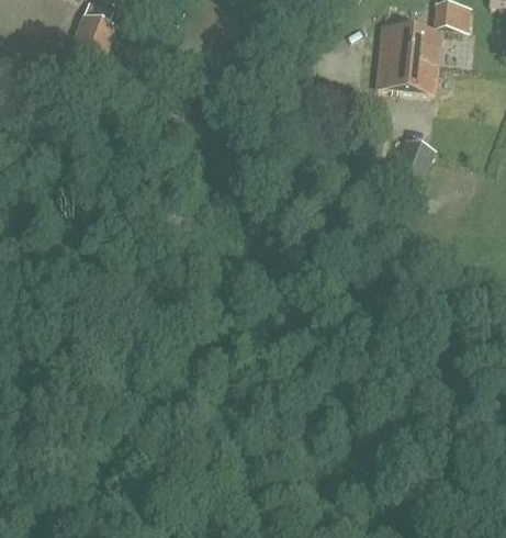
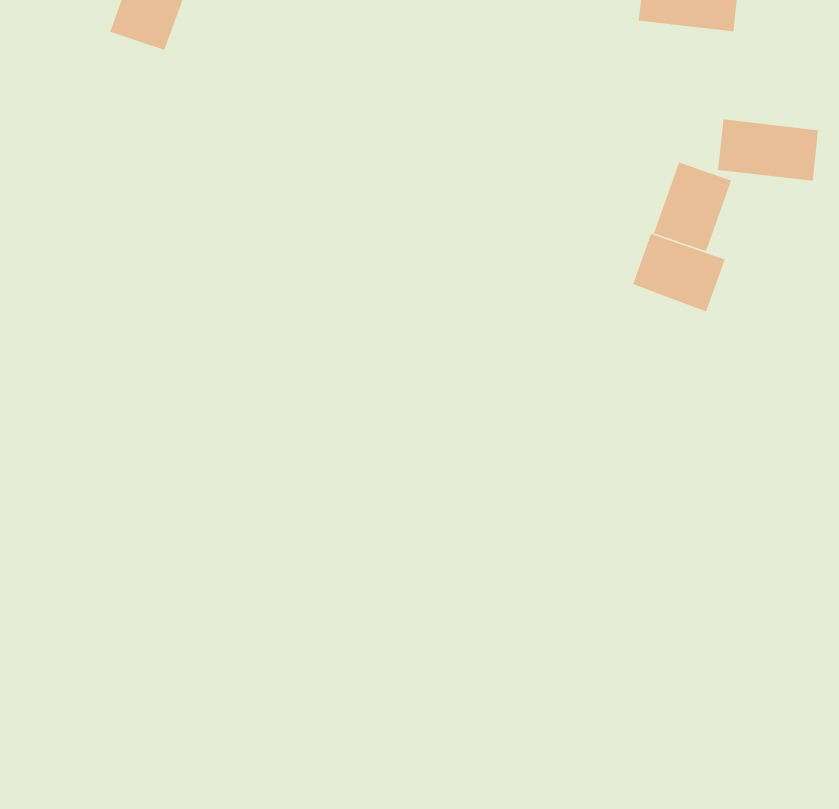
building: [378,53,438,90] -> [717,119,819,181]
building: none -> [632,233,726,313]

